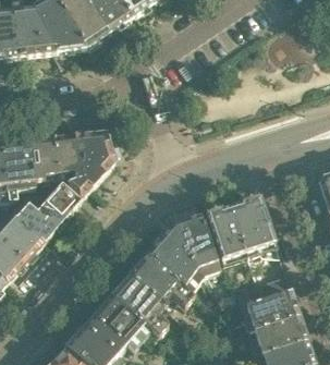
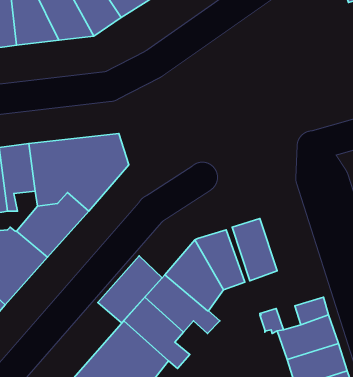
building: [230,195,274,251] -> none
building: none -> [98,256,162,323]

